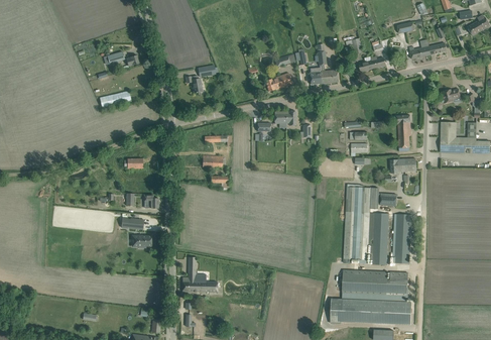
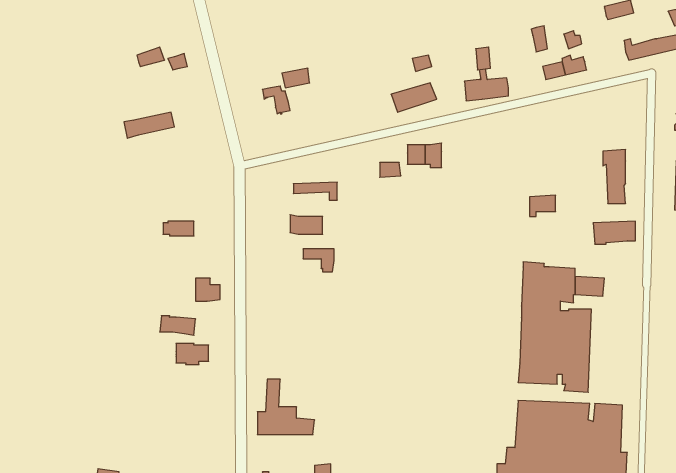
building: [389,213,411,263] -> none

